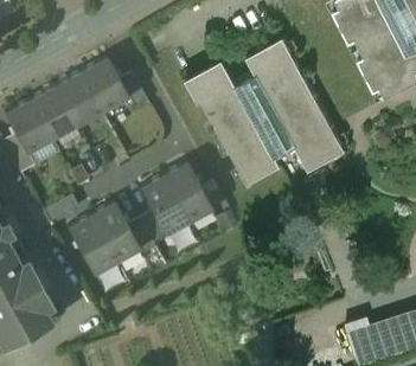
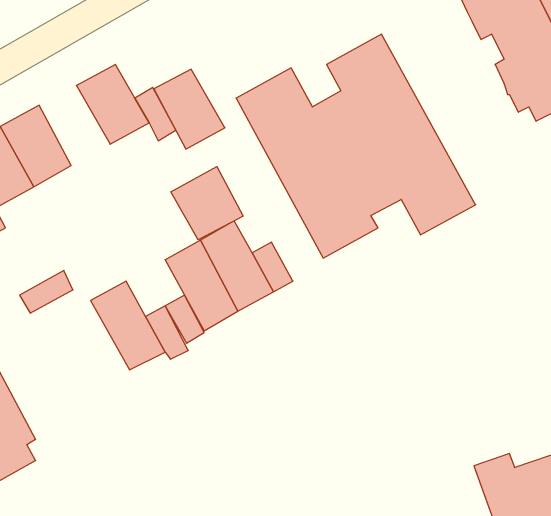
building: [55,72,102,126] -> [154,69,225,149]
building: none -> [171,167,243,240]
building: [66,216,115,275] -> none

